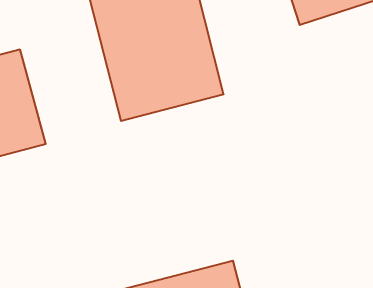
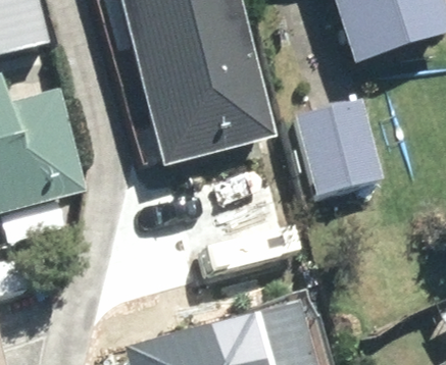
building: none -> [297,92,388,192]

